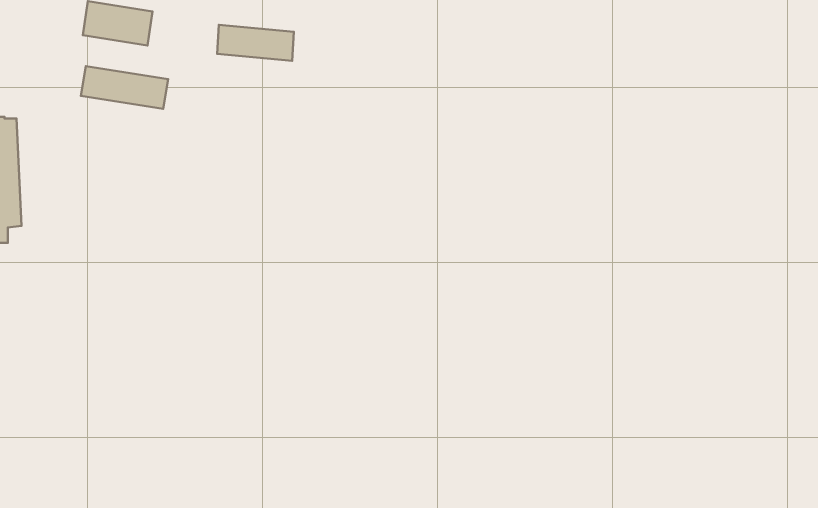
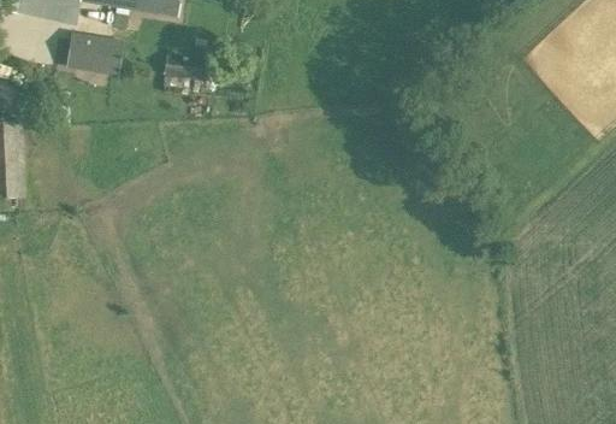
building: [81,66,168,109] -> none

